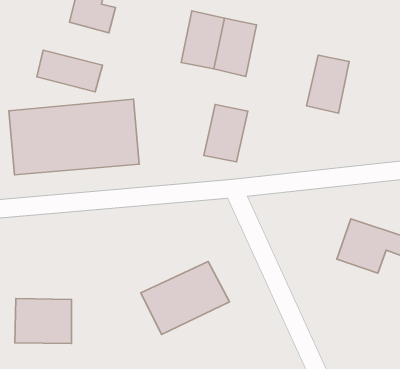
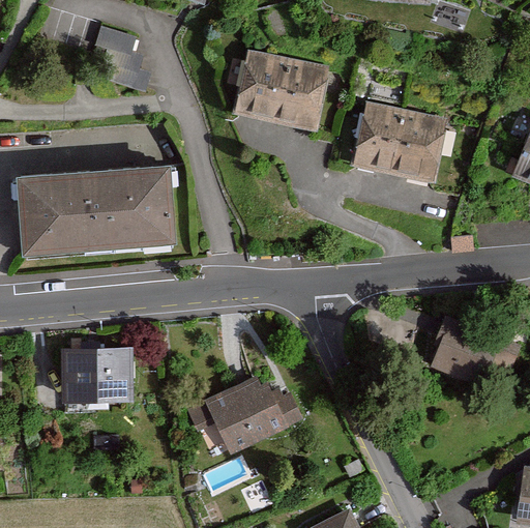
building: [37,50,102,92] -> none
building: [204,105,248,162] -> [351,99,407,172]
building: [15,299,72,344] -> [62,348,134,405]

